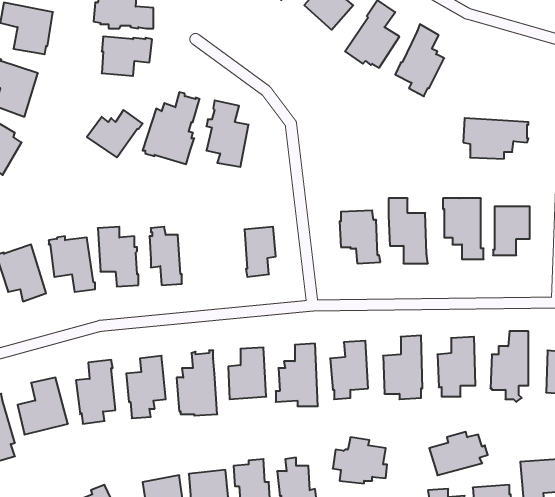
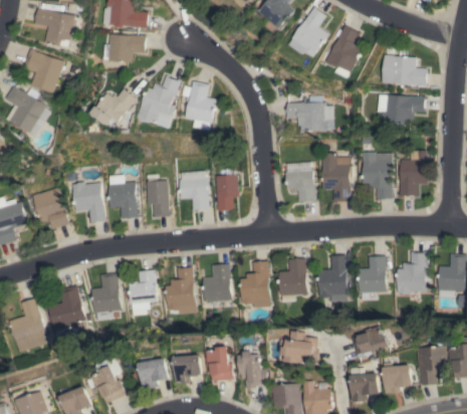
building: none -> [382,48,427,87]
building: none -> [286,101,332,131]
building: none -> [179,170,209,209]

